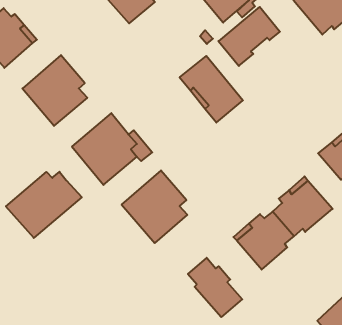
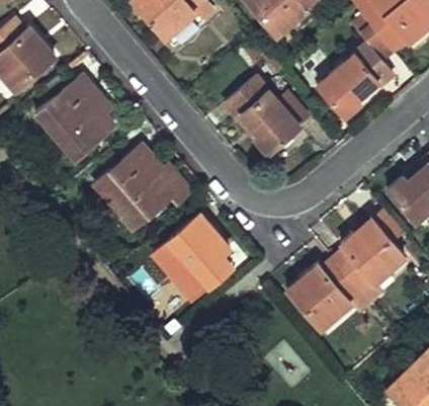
building: [218,7,280,66] -> [318,46,391,115]
building: [6,172,82,238] -> none
building: [188,258,242,317] -> none

